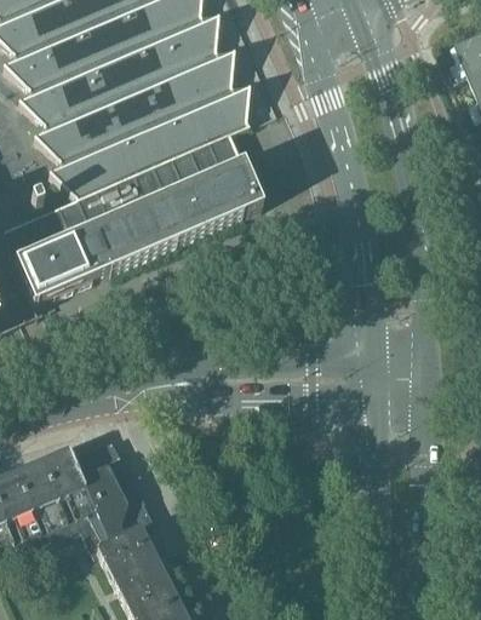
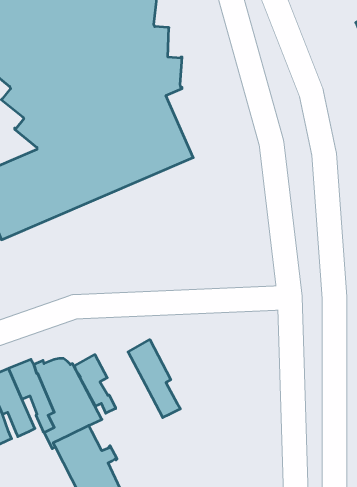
building: none -> [128,340,180,418]
building: none -> [75,355,116,413]

